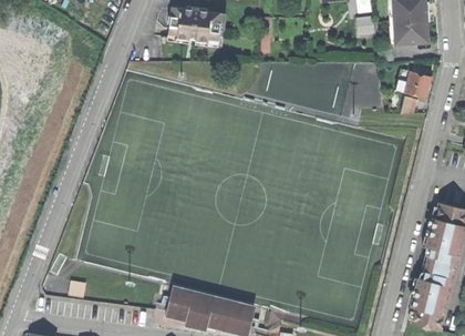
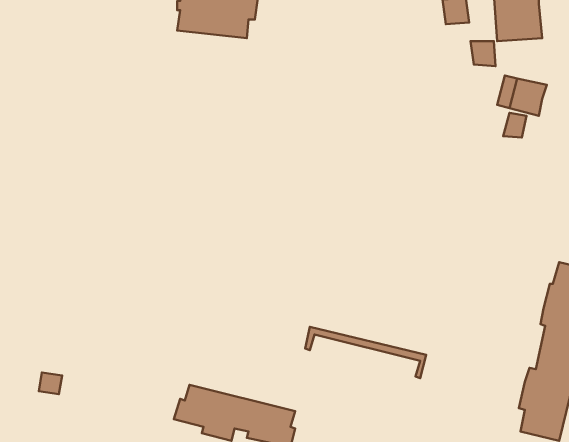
building: [169,285,256,322] -> [305,327,426,378]

